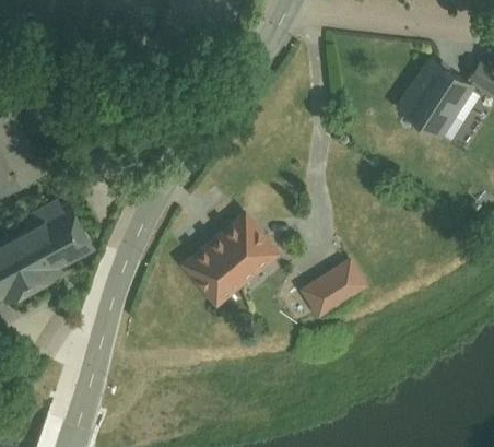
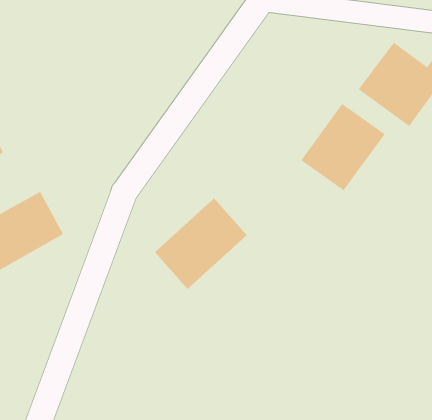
building: none -> [300,103,385,191]
building: [299,259,361,309] -> none

